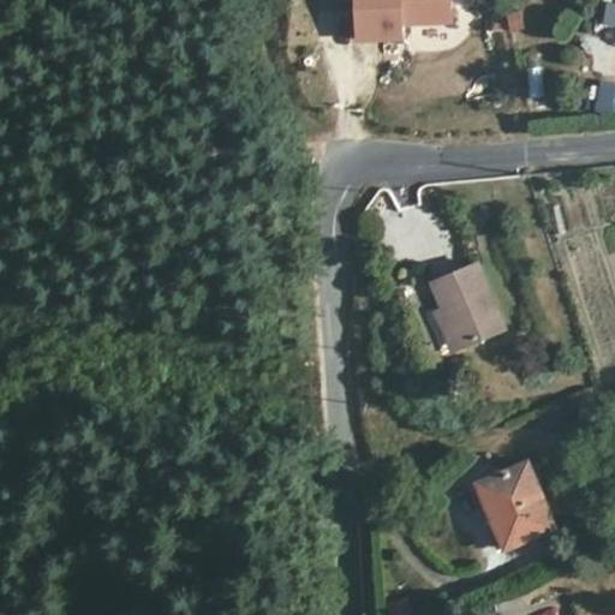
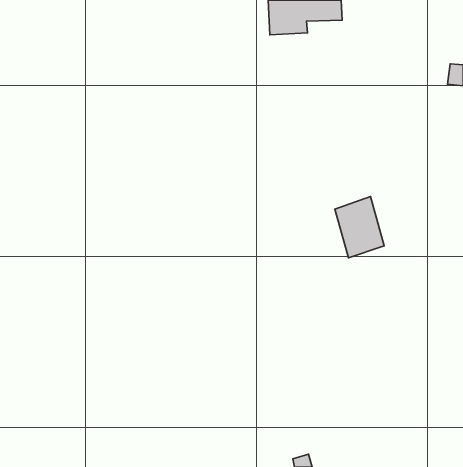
building: [473,460,545,545] -> none

